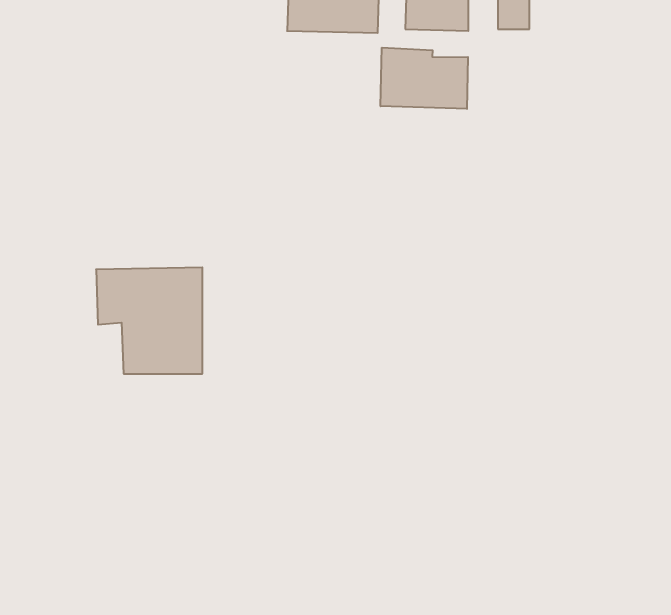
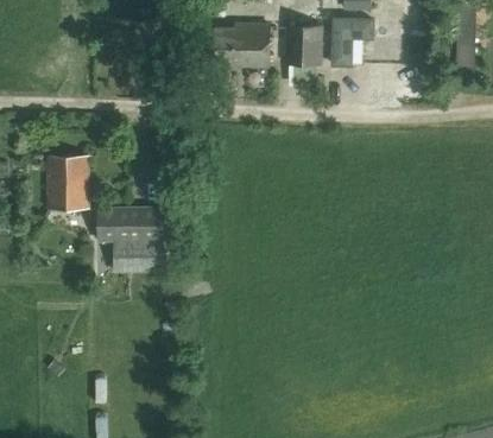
building: [381,48,468,109] -> none
building: none -> [48,155,88,209]

